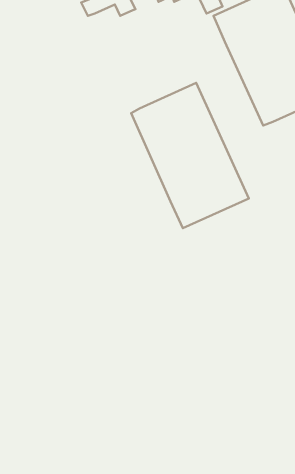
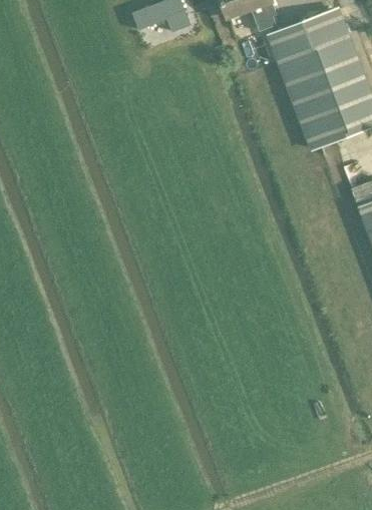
building: [131,83,249,228] -> none

